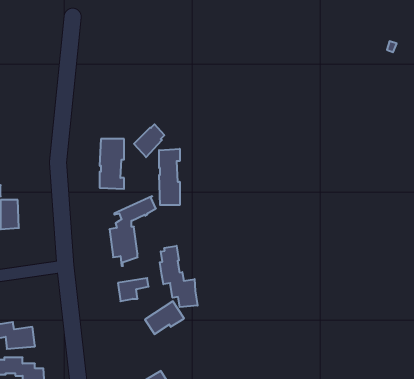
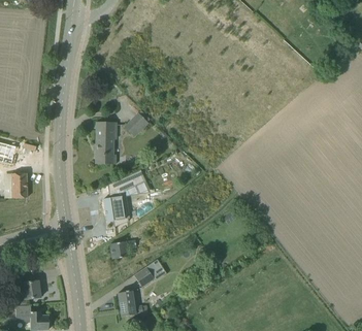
building: [159,149,180,205] -> none
building: [160,246,198,307] -> none
building: none -> [118,290,142,318]

